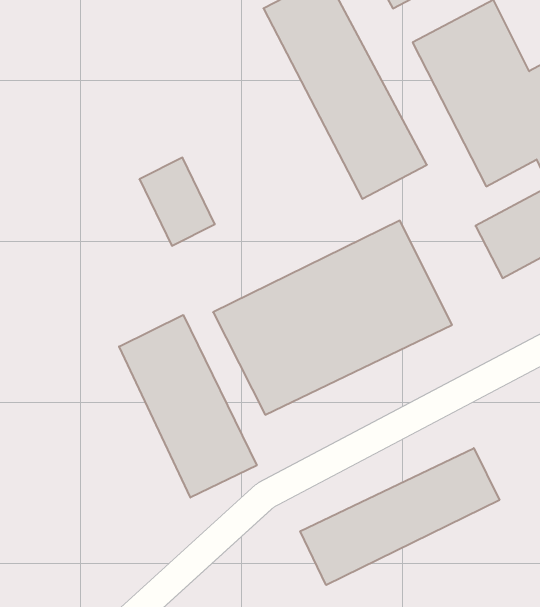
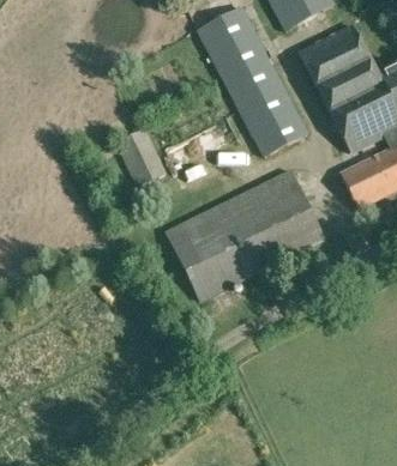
building: [119,315,257,498] -> none
building: [300,448,499,585] -> none

